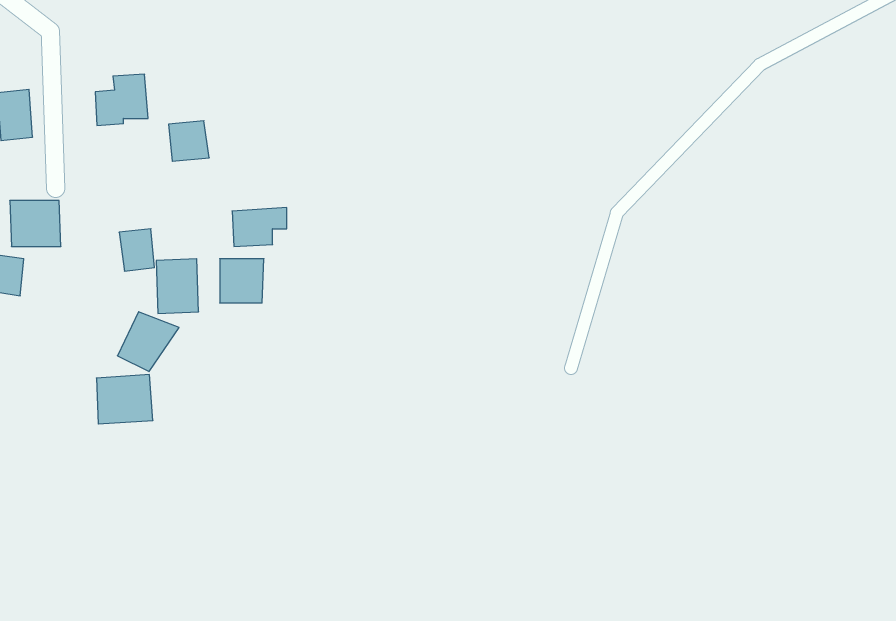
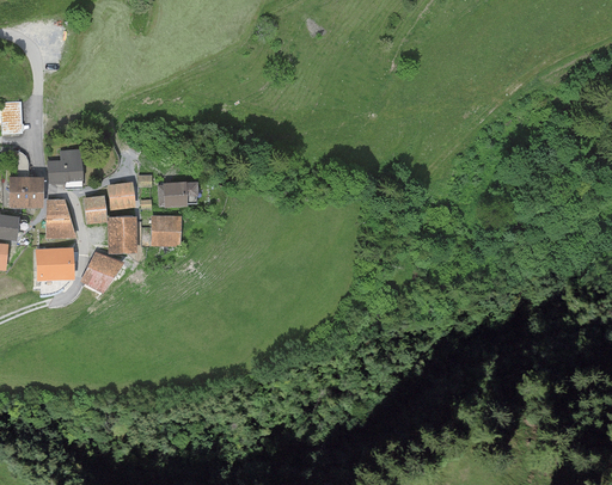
building: [95,74,148,125] -> [47,149,82,184]
building: [169,121,209,161] -> [108,182,135,209]
building: none -> [47,198,75,239]
building: [96,375,153,424] -> [36,246,74,280]

